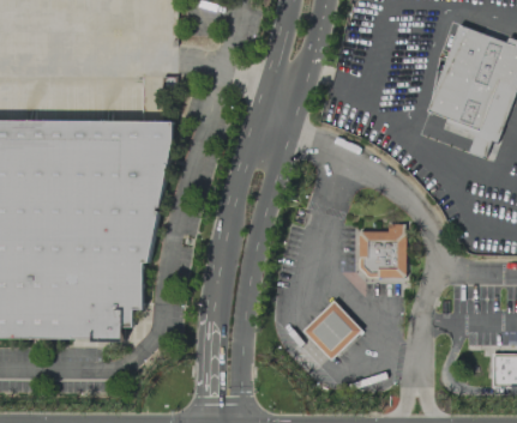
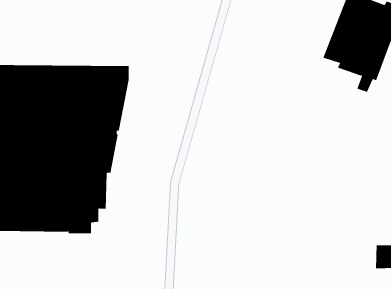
building: [356,222,409,278] -> none
building: [301,300,361,359] -> none

